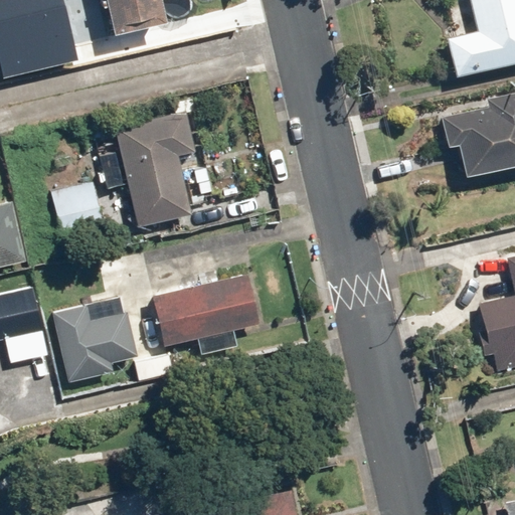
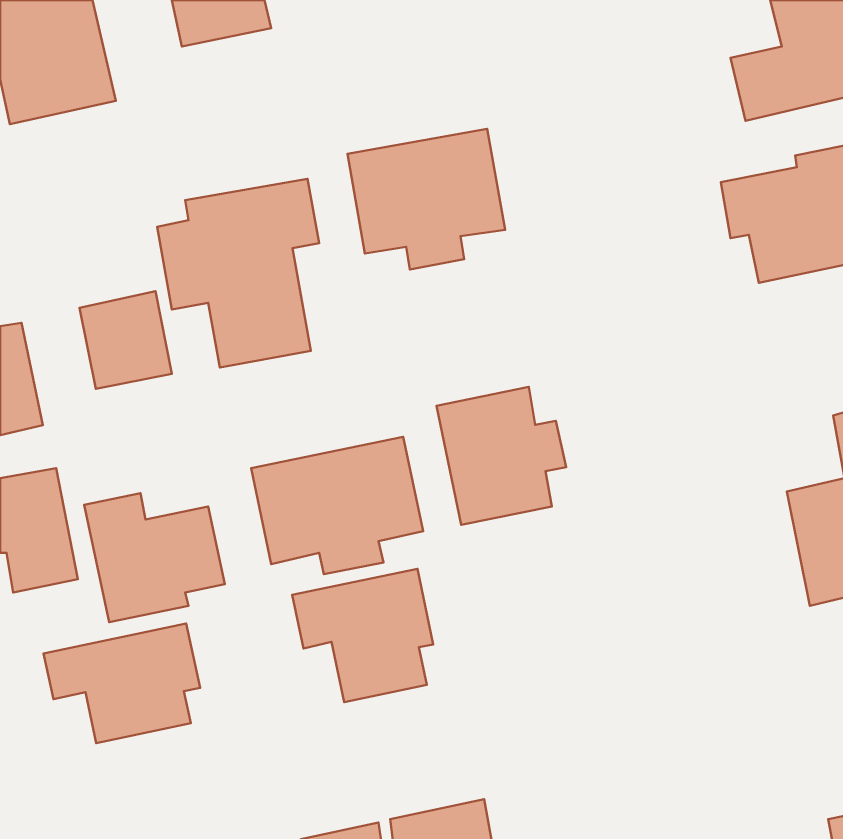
building: none -> [347,129,505,270]
building: none -> [437,387,566,525]
building: none -> [292,569,433,702]
building: none -> [43,623,200,743]

